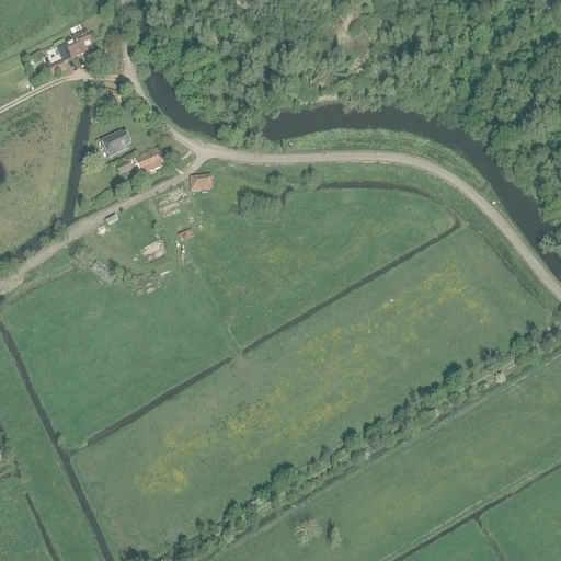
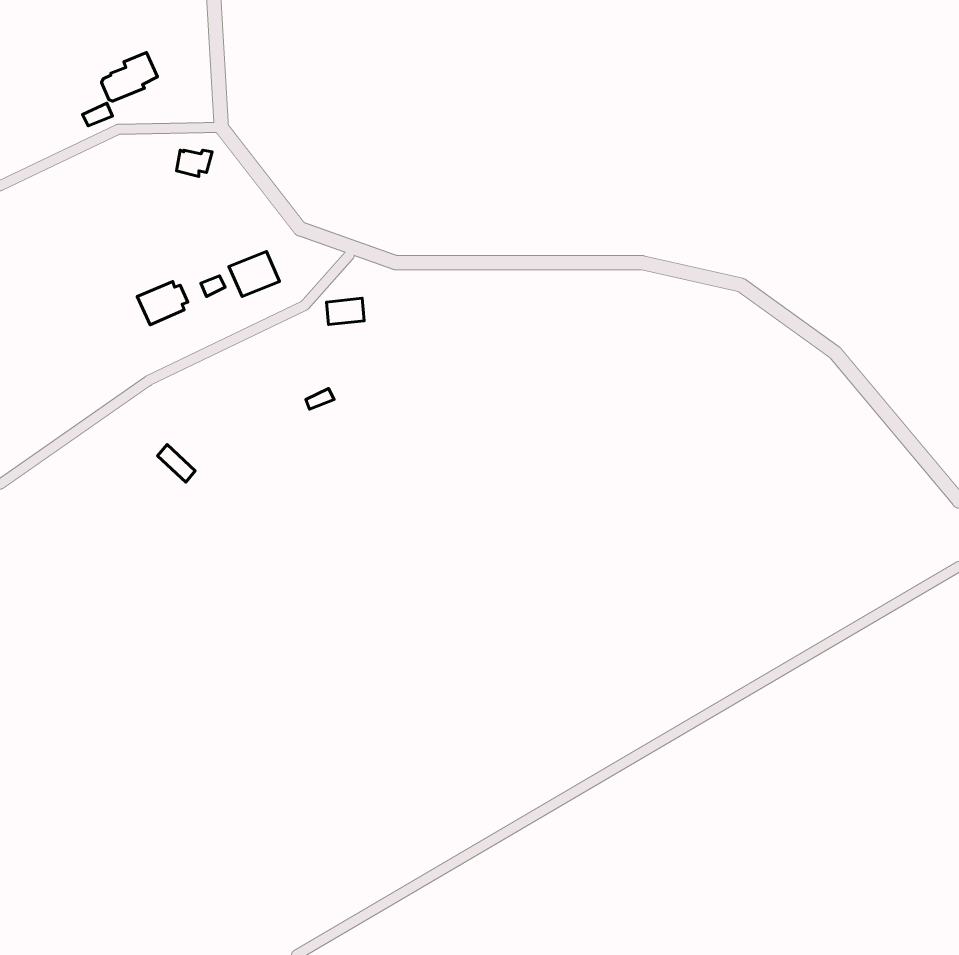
building: [101,131,130,157] -> [137,282,188,325]

